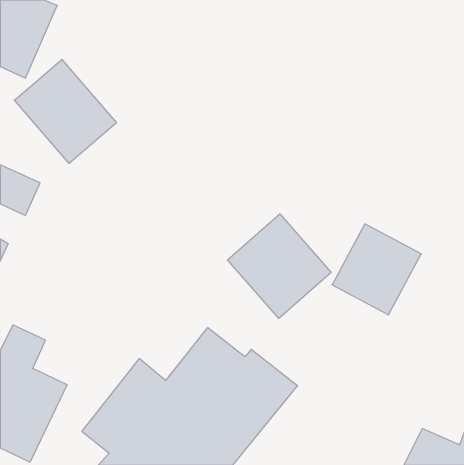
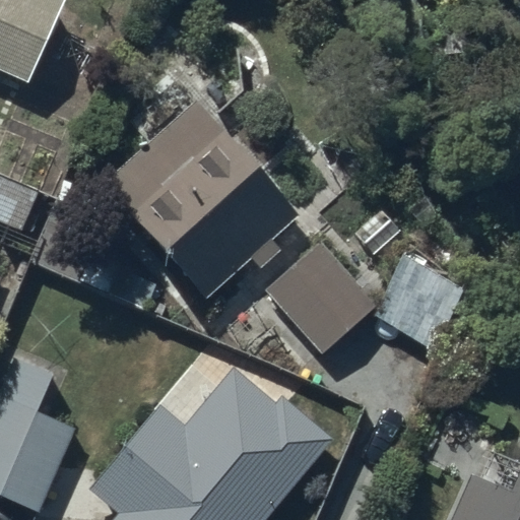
building: [14,59,116,163] -> none
building: none -> [105,74,298,303]

